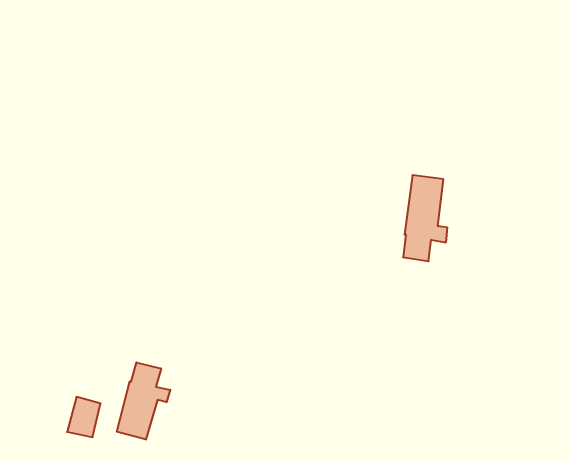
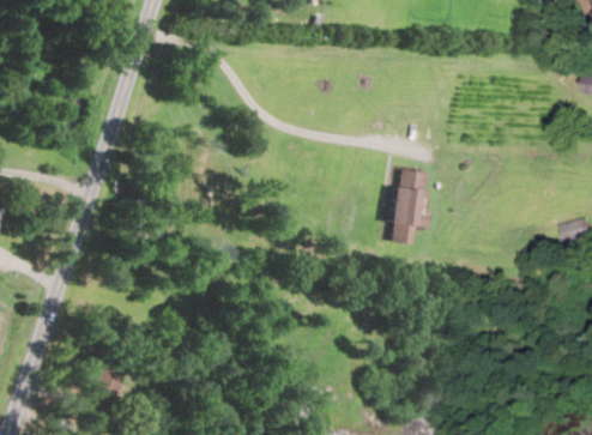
building: [117,362,170,440] -> none

